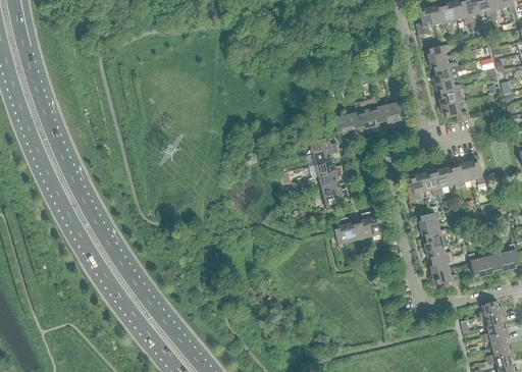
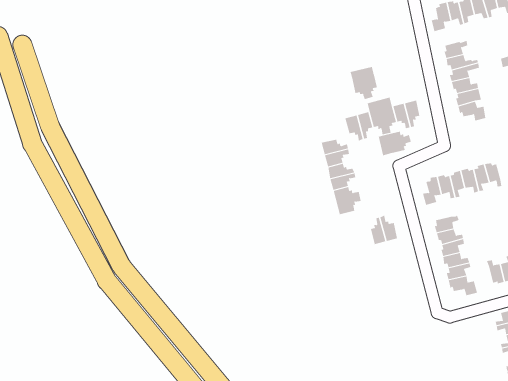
building: none -> [350,66,377,100]
building: none -> [378,131,412,156]
building: [334,217,361,245] -> none

